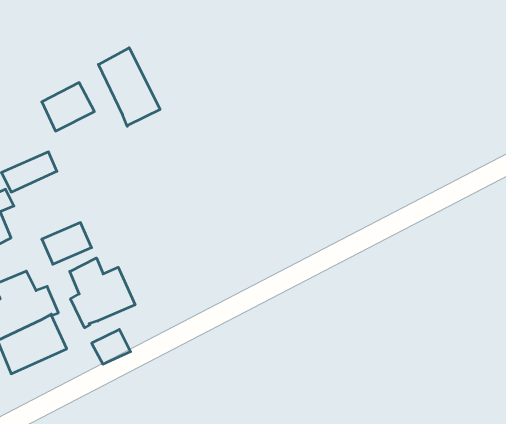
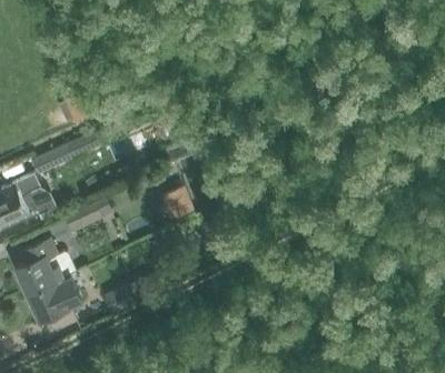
building: [98,48,160,126] -> none
building: none -> [161,185,194,218]
building: [70,258,135,328] -> none

